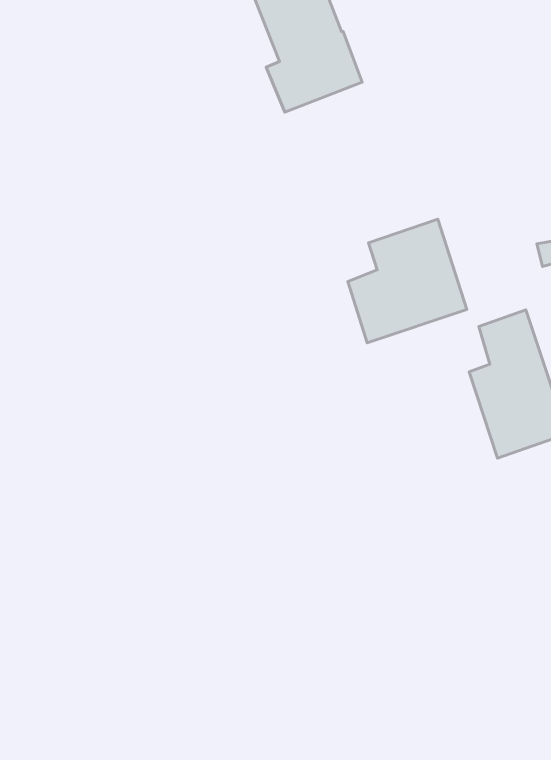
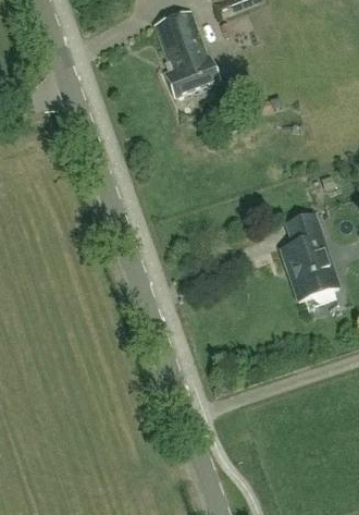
building: [348,219,467,343] -> none

